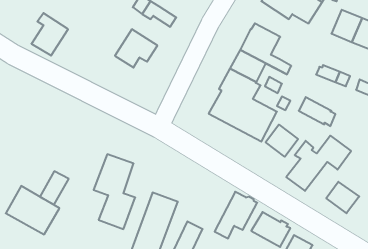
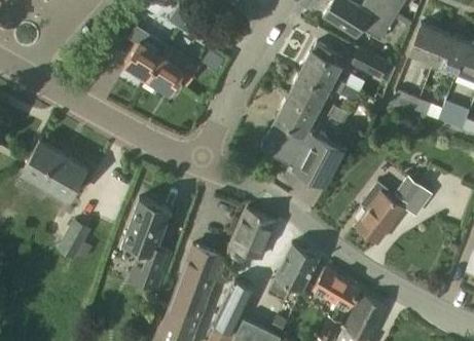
building: [31,13,68,56] -> [124,29,169,80]
building: [299,97,335,126] -> [351,47,395,82]
building: [266,125,298,157] -> none
building: none -> [226,210,277,263]
building: [326,182,359,213] -> none
building: [6,186,59,234] -> [22,142,86,200]

